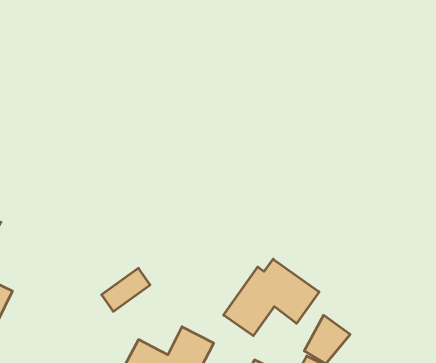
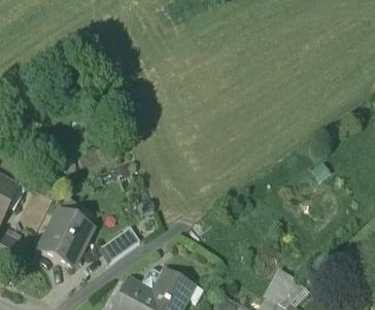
building: none -> [39,211,92,265]
building: [224,259,319,336] -> none

